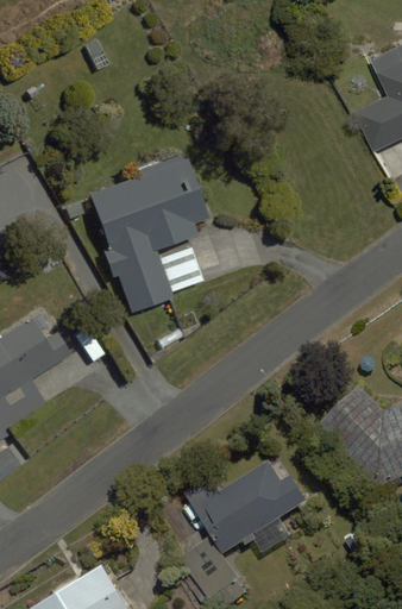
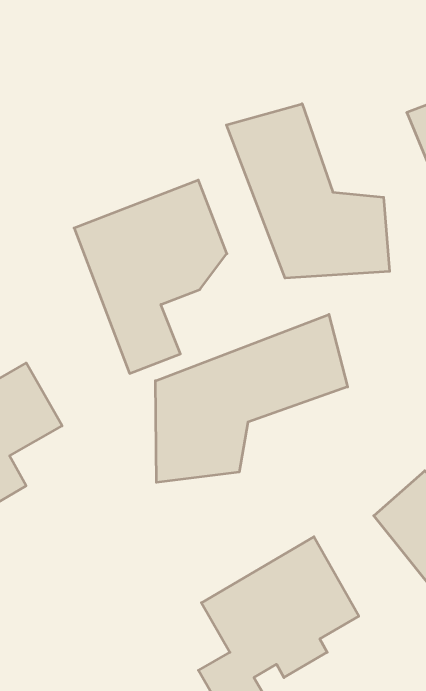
building: none -> [226,104,390,278]
building: none -> [155,314,348,482]

